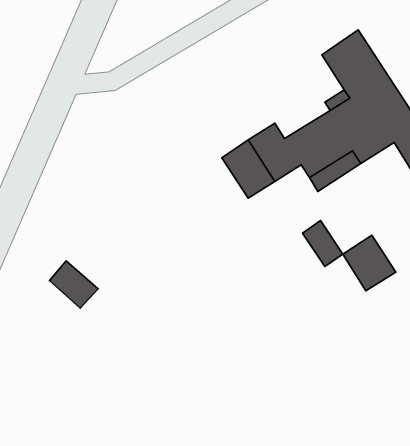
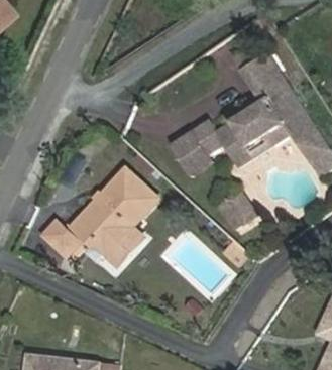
building: none -> [73,168,158,265]
building: [343,235,396,291] -> none

